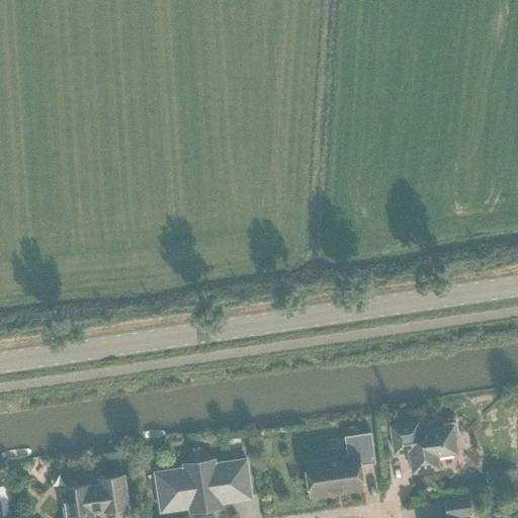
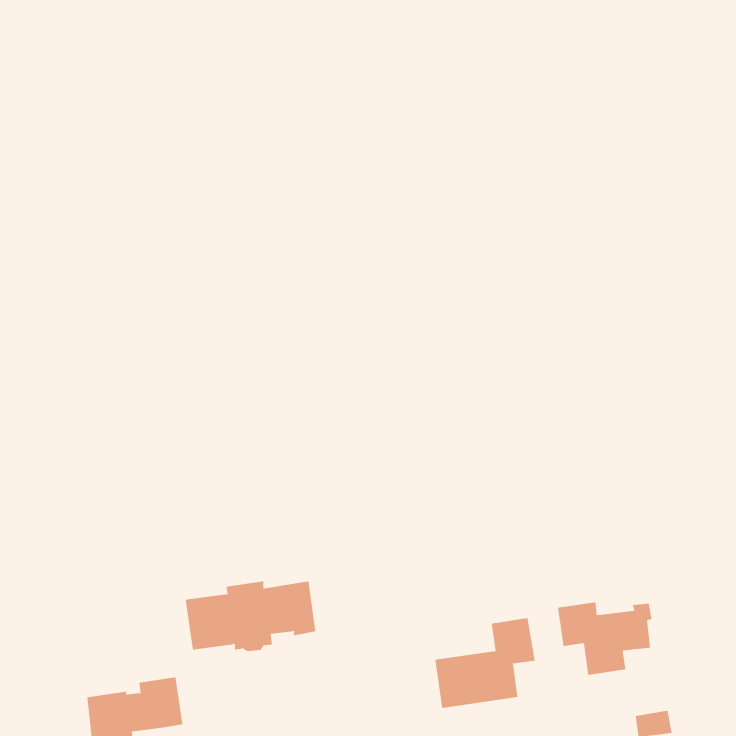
building: [158,462,250,512] -> [185,581,316,652]

